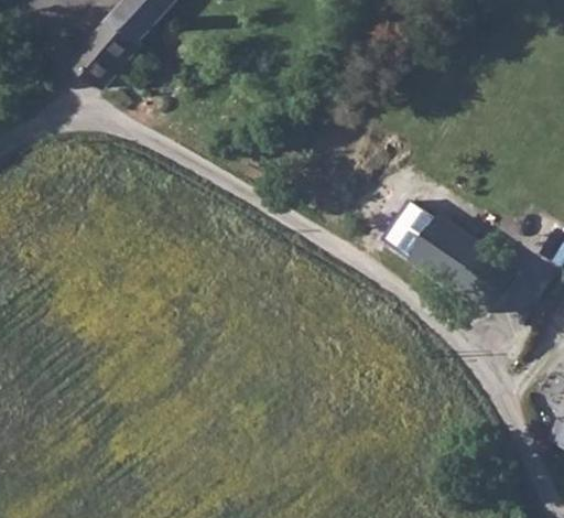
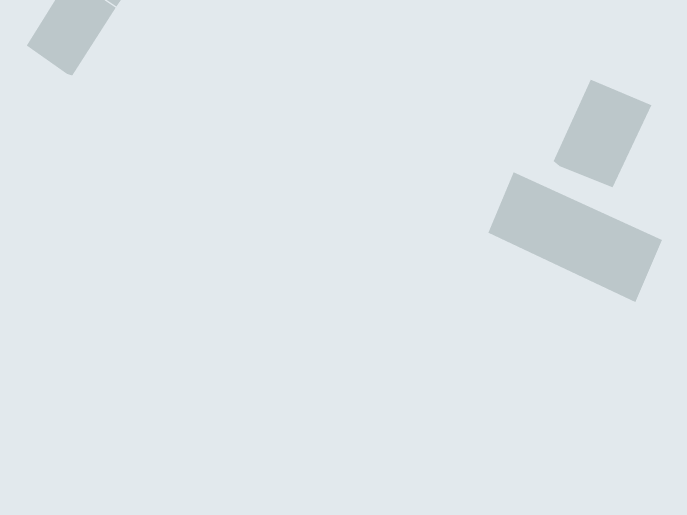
building: none -> [553,79,652,188]

